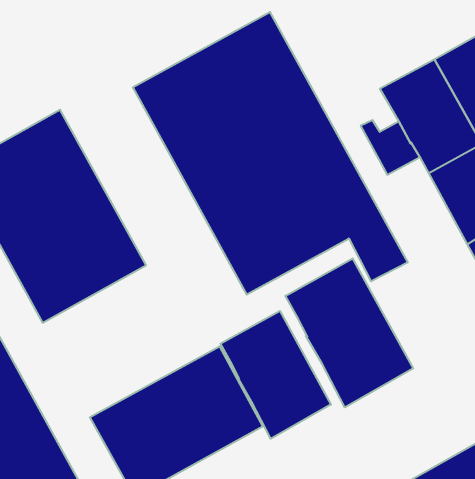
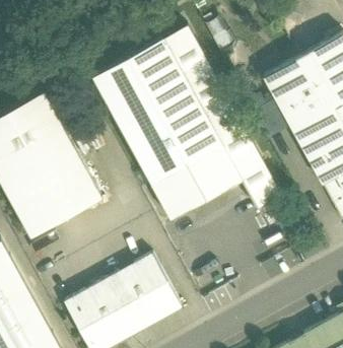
building: [285,258,413,407] -> none
building: [220,311,331,439] -> none

